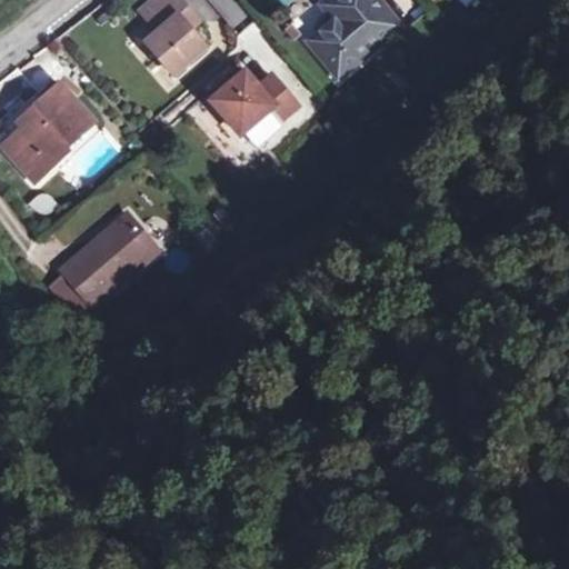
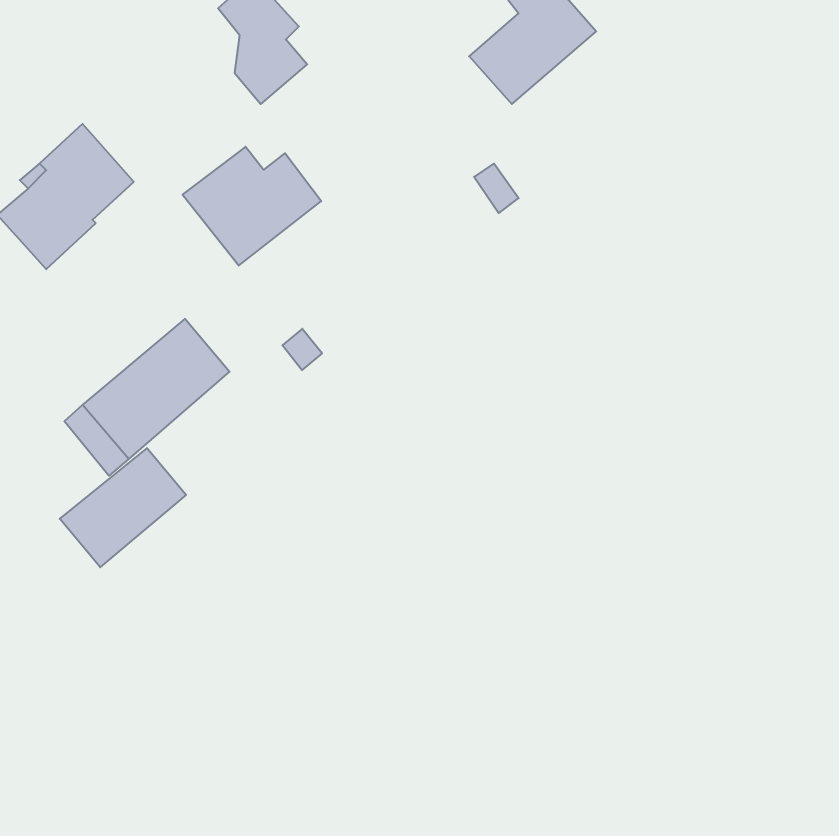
building: [201,60,295,140] -> [183,147,321,266]
building: none -> [60,448,186,567]

